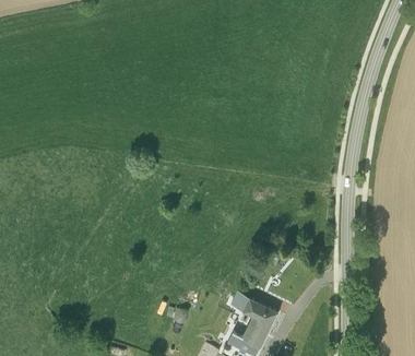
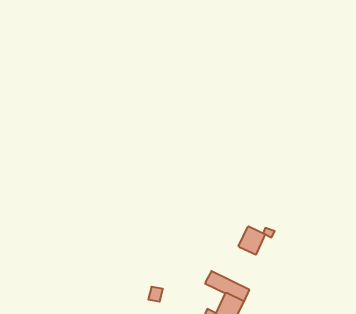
building: none -> [239,226,265,255]

